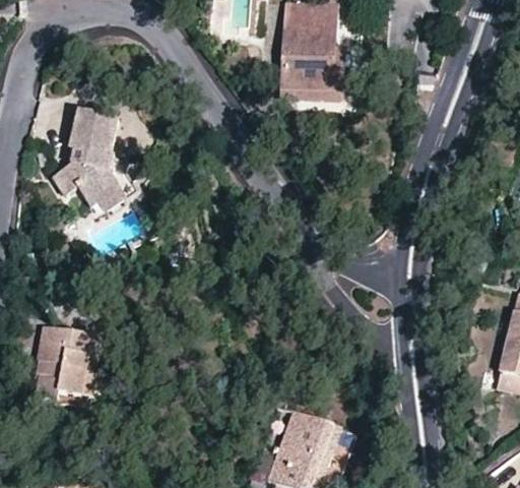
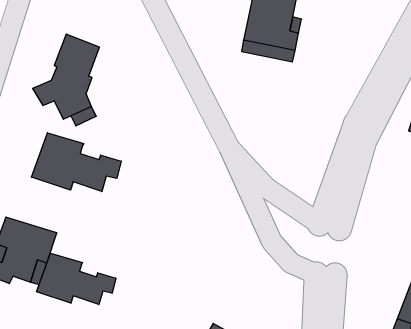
building: none -> [31,133,121,192]
building: none -> [36,253,116,305]

